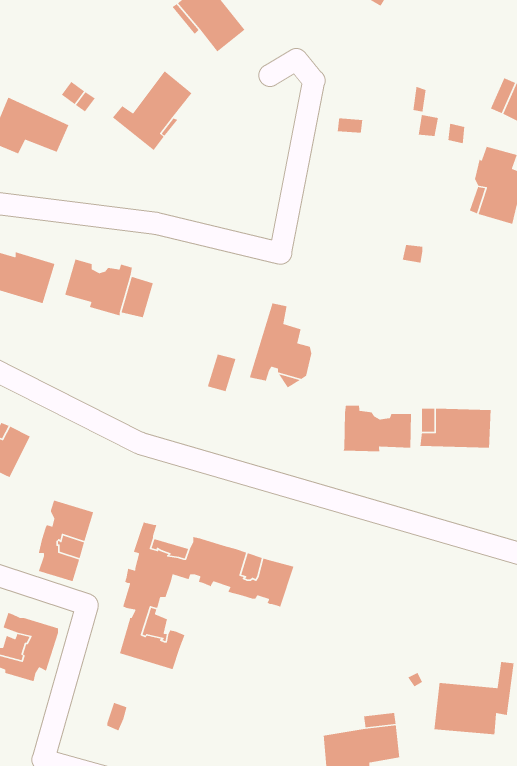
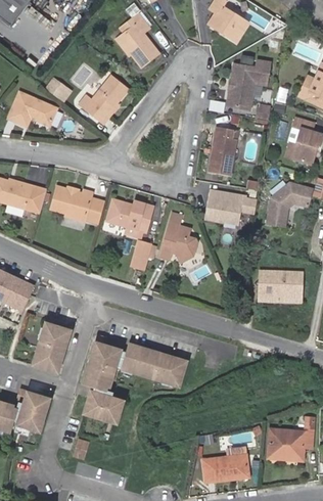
building: none -> [227,57,270,105]
building: none -> [210,123,236,171]
building: none -> [266,181,311,225]
building: none -> [205,187,245,220]
building: none -> [108,198,152,235]
building: [342,405,412,452] -> none

